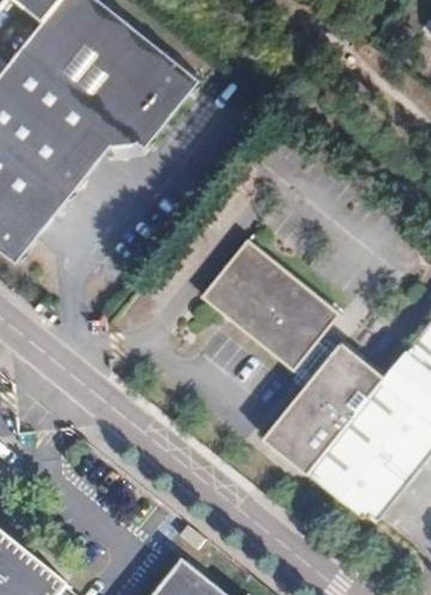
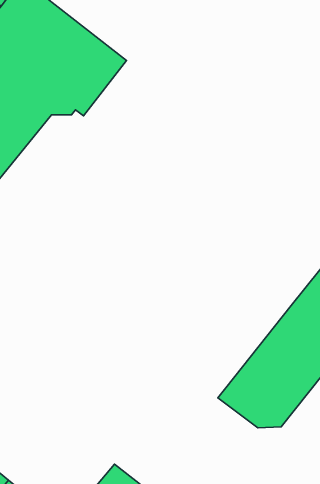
building: [201,233,389,470] -> none

